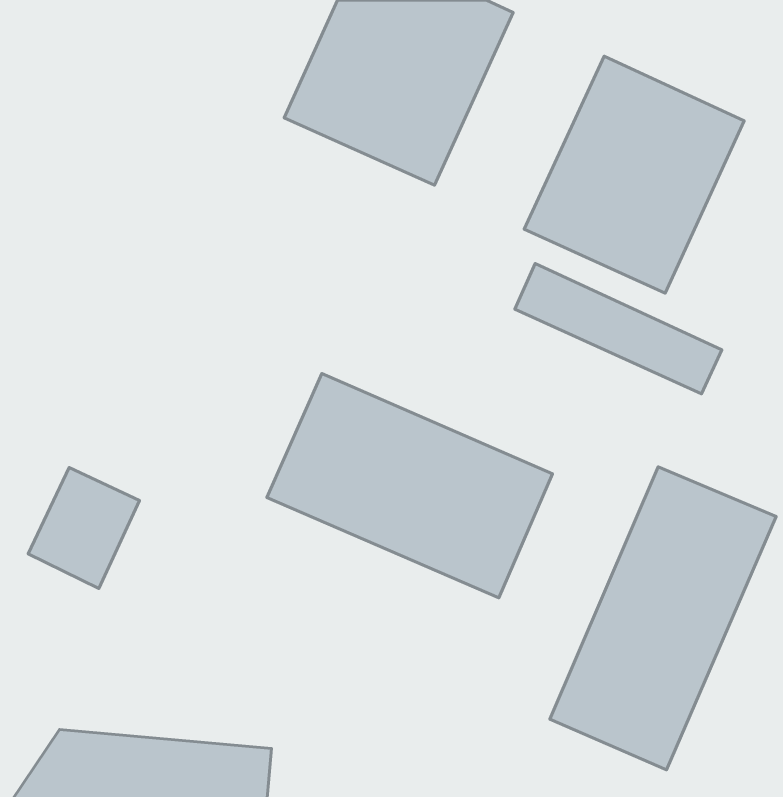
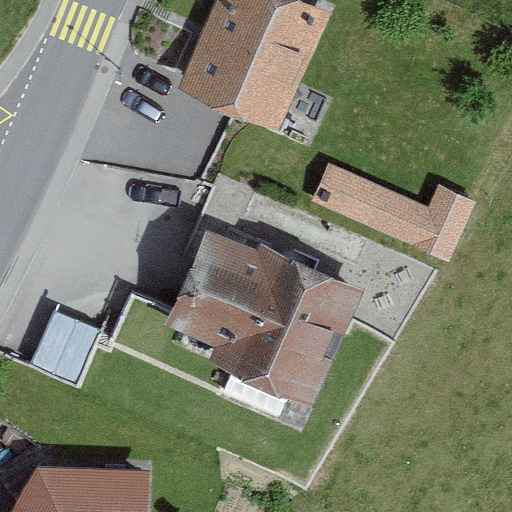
building: [524,56,744,293] -> none
building: [550,467,776,770] -> none

